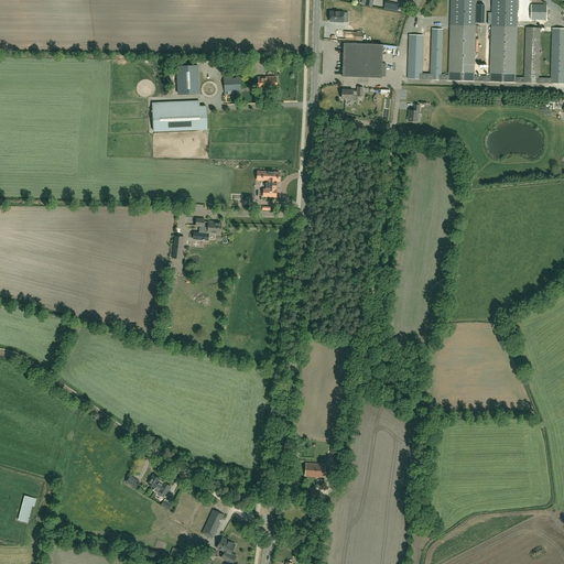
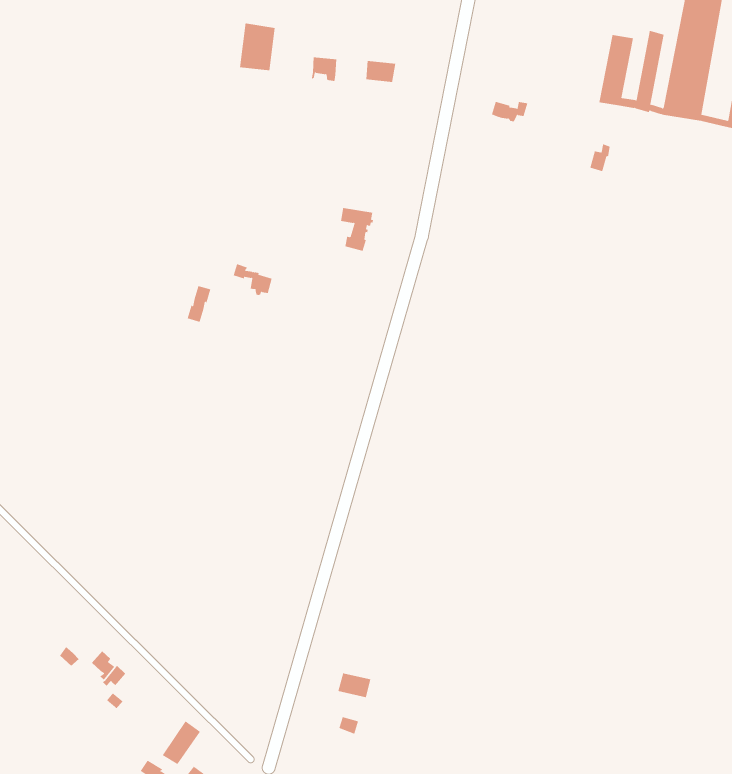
building: [343,42,383,77] -> none
building: [152,100,207,130] -> none

